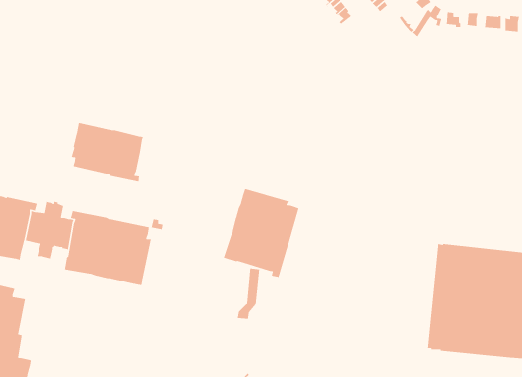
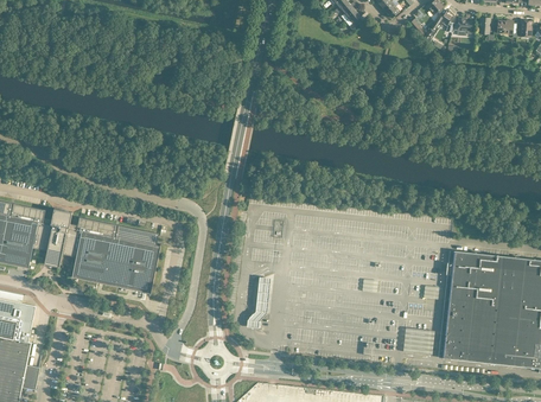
building: [70,121,144,182] -> none
building: [223,187,299,278] -> none

